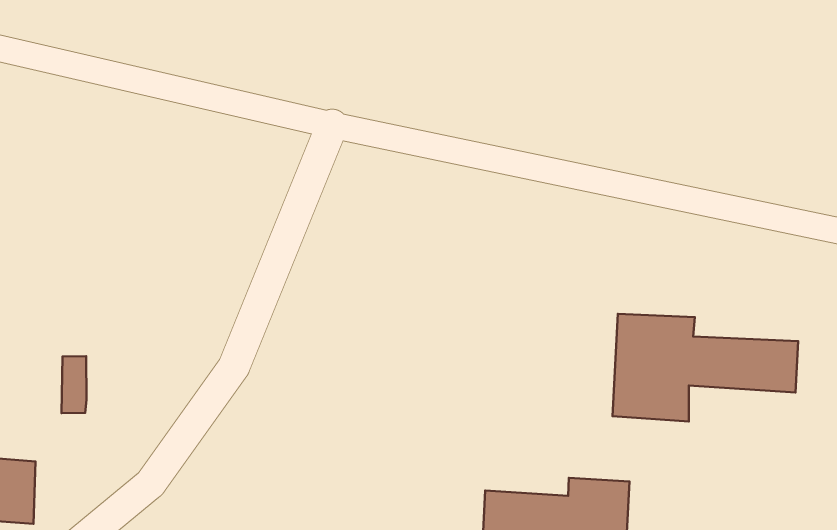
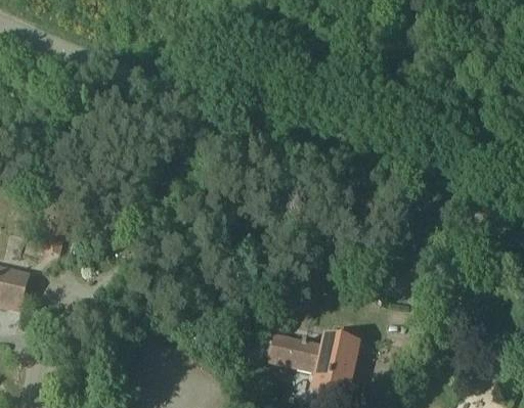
building: [612,314,798,421] -> none

